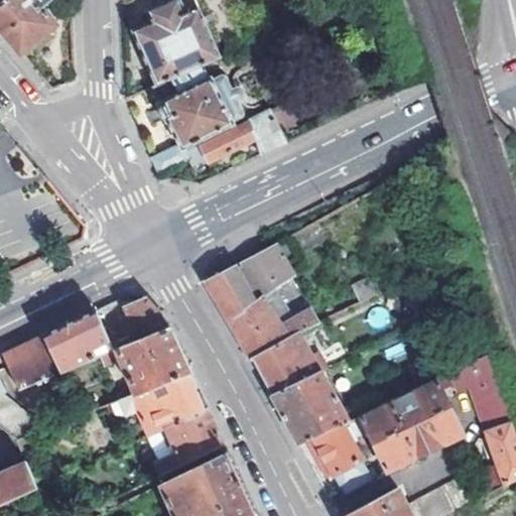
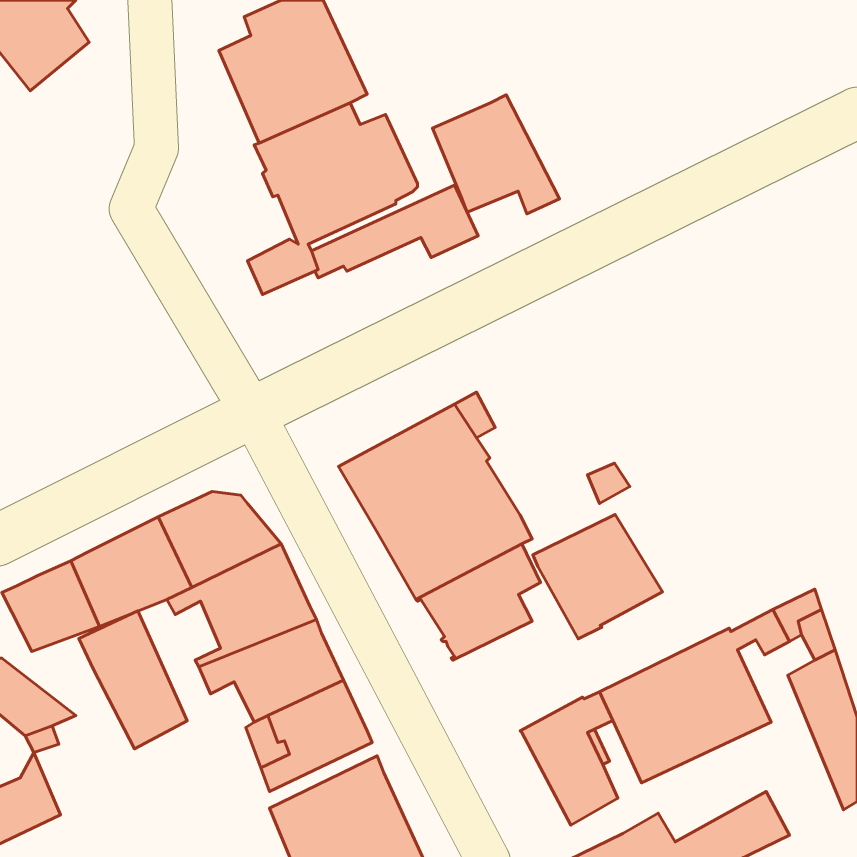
building: none -> [432,95,559,214]
building: none -> [79,611,187,749]
building: [271,373,349,447] -> [533,514,662,639]

